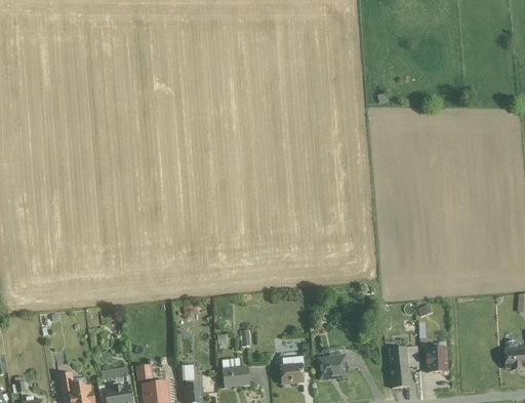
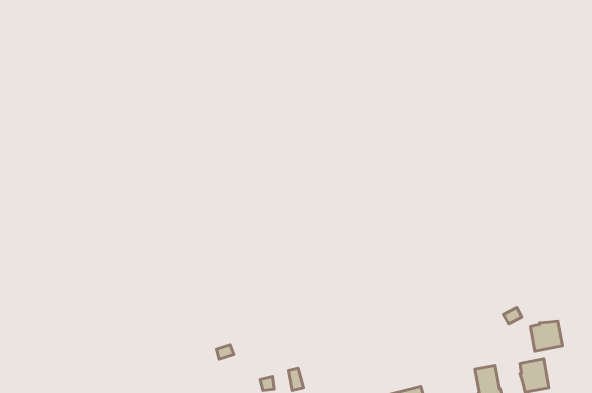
building: none -> [530,321,563,351]

